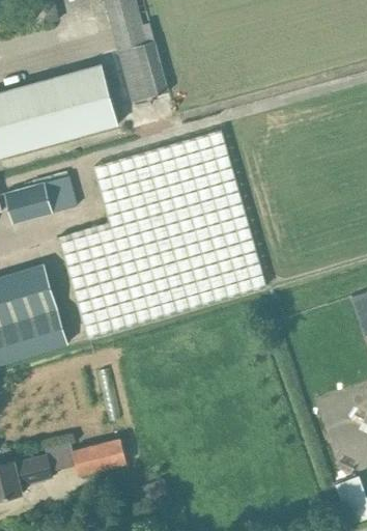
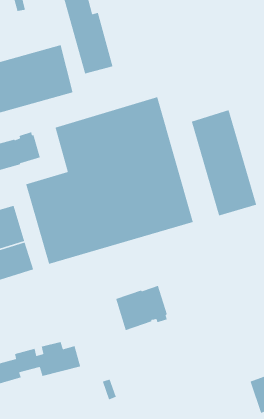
building: none -> [191,109,257,217]
building: none -> [115,285,168,331]

